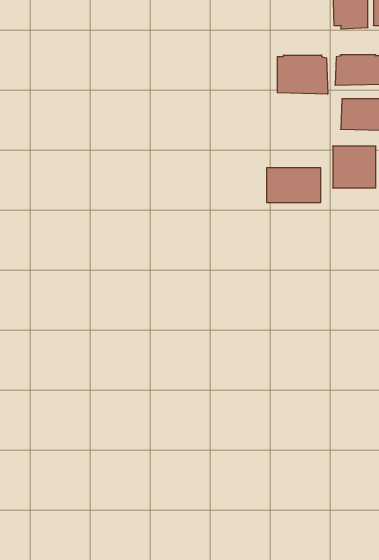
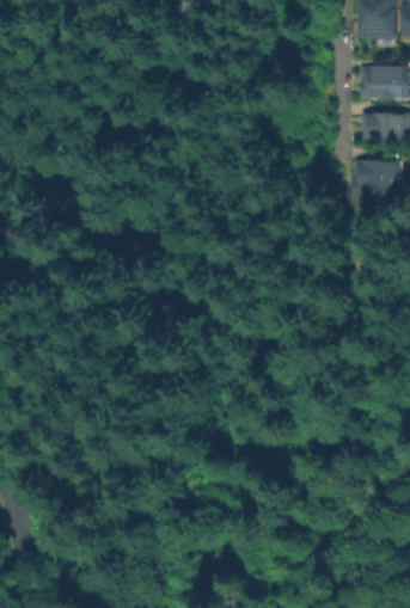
building: [277,55,328,94] -> none
building: [267,168,321,203] -> none

